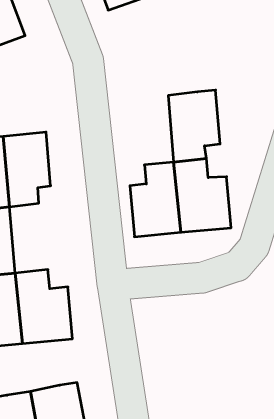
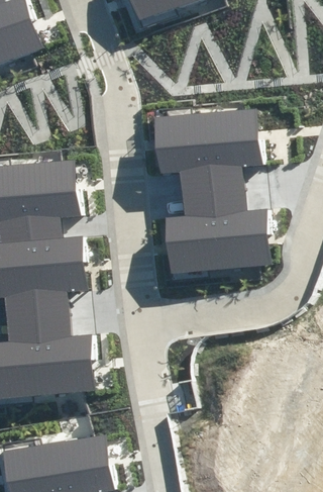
building: none -> [157,115,207,192]
building: none -> [25,232,83,312]

